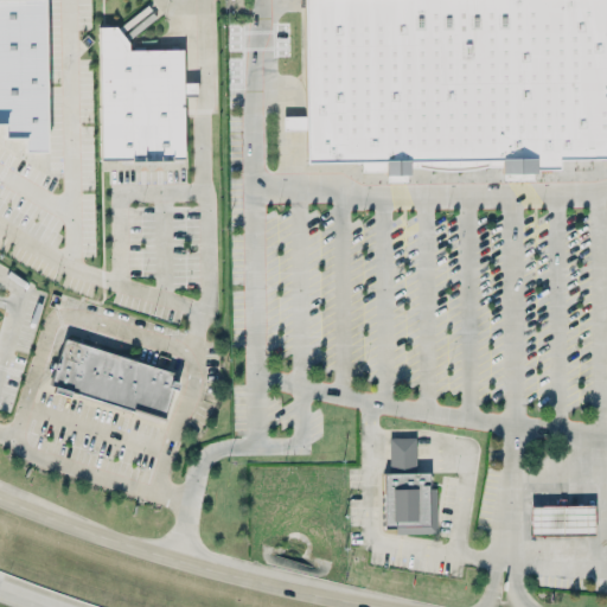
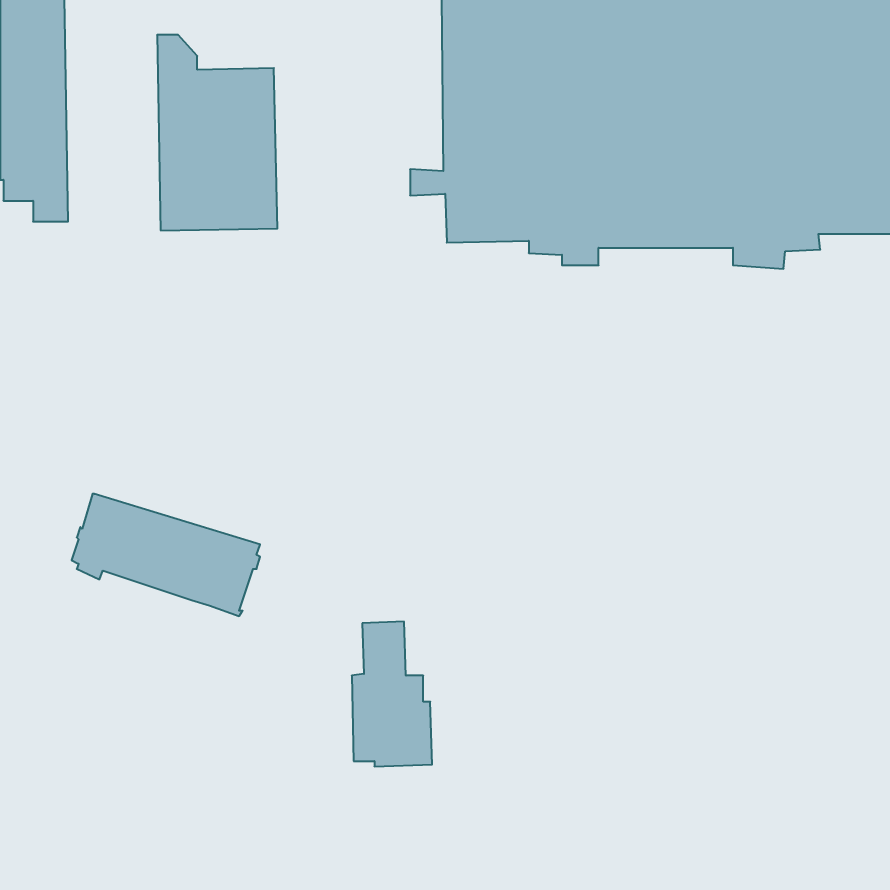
building: [381,433,435,531] -> [352,622,432,766]
building: [530,504,594,532] -> none

